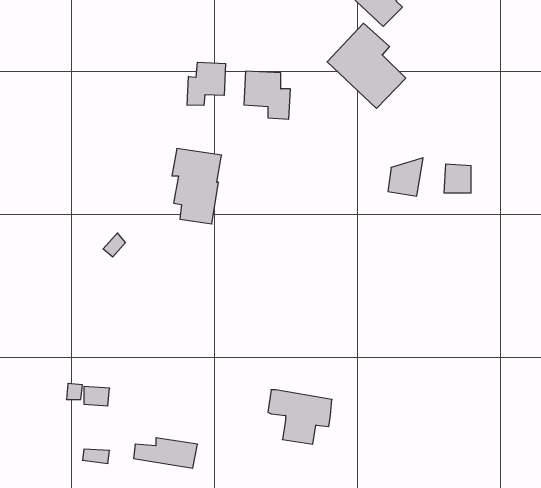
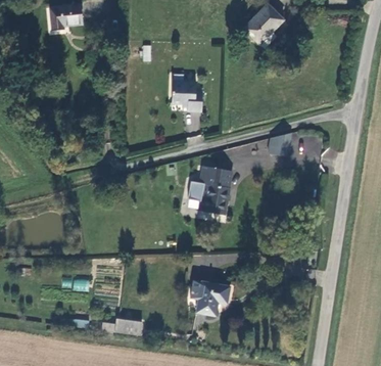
building: [327,23,406,108] -> none
building: [187,62,226,105] -> none
building: [172,149,222,224] -> [198,165,230,213]

